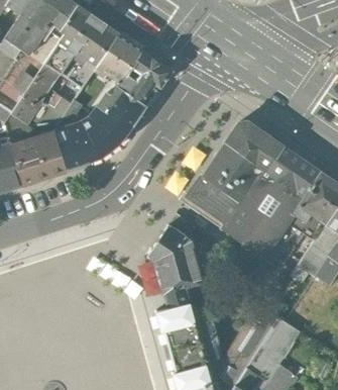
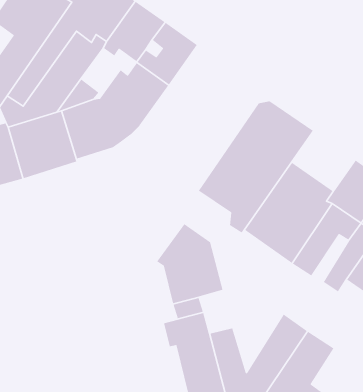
building: [261,142,317,195] -> none

